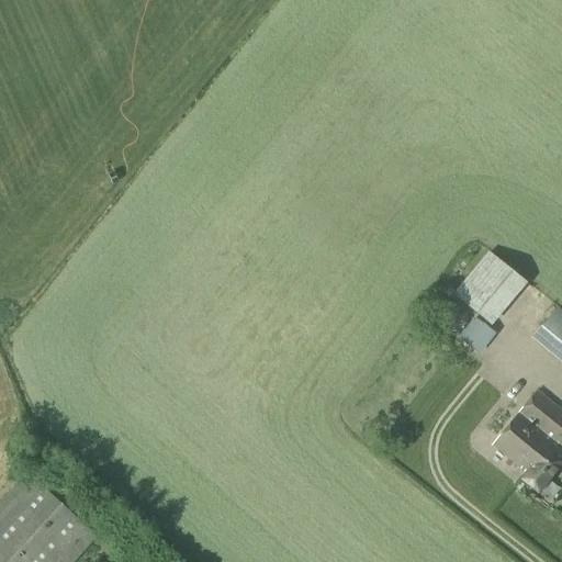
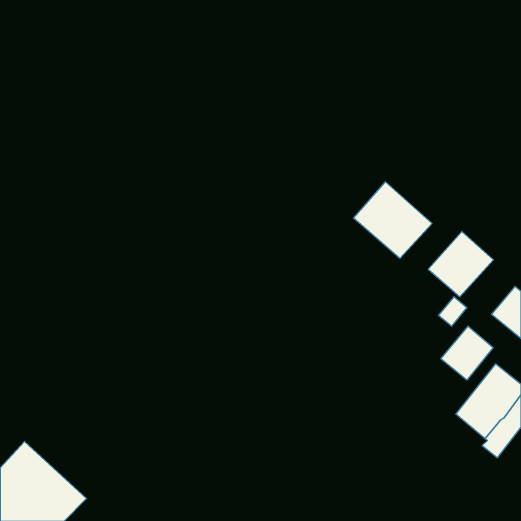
building: none -> [353,182,432,258]
building: none -> [441,326,493,380]

